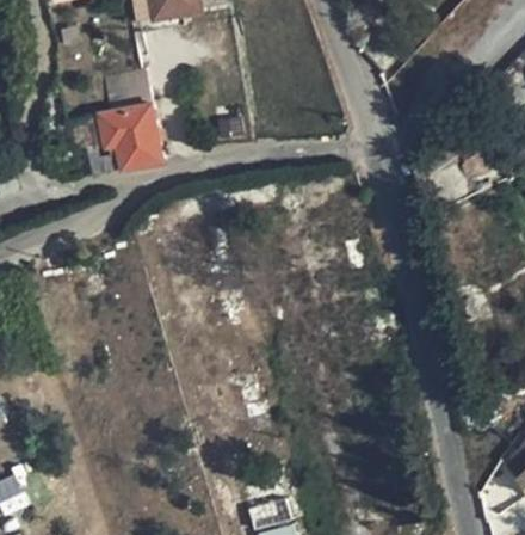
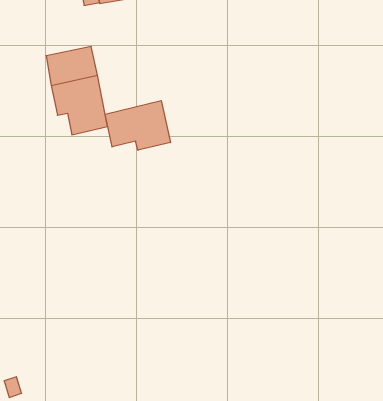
building: none -> [105,101,170,150]

